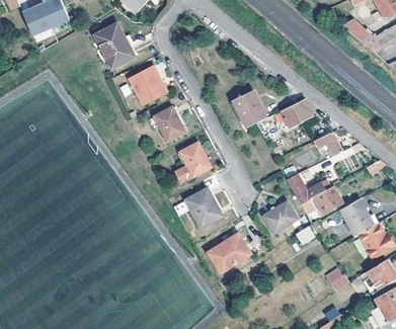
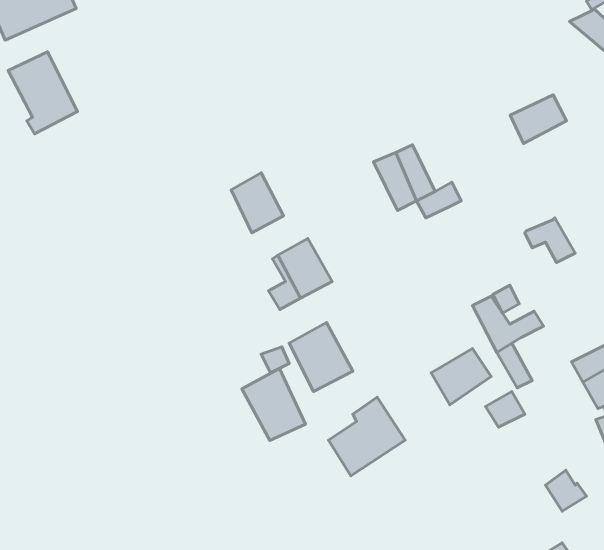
building: [97,23,135,68] -> [8,52,77,134]
building: [130,65,167,104] -> none
building: [283,100,313,127] -> [510,95,566,143]
building: [313,185,343,214] -> none
building: none -> [242,368,305,441]

